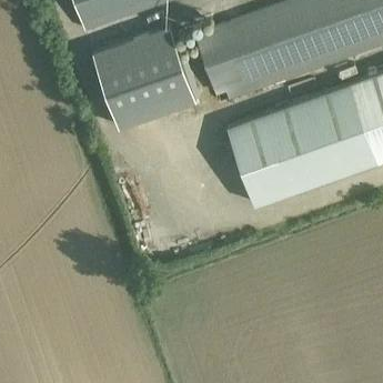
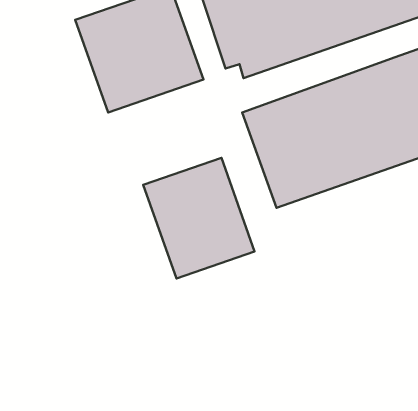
building: none -> [143,158,255,279]

